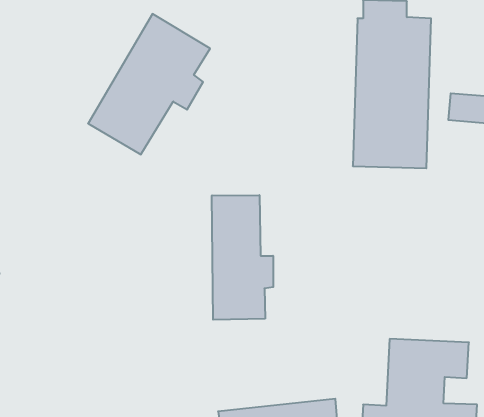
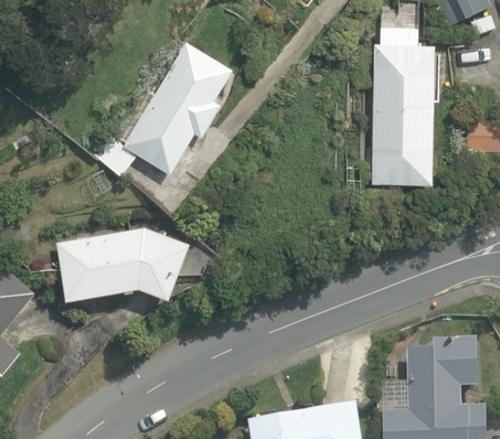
building: [212,195,273,320] -> none
building: none -> [46,225,192,302]

